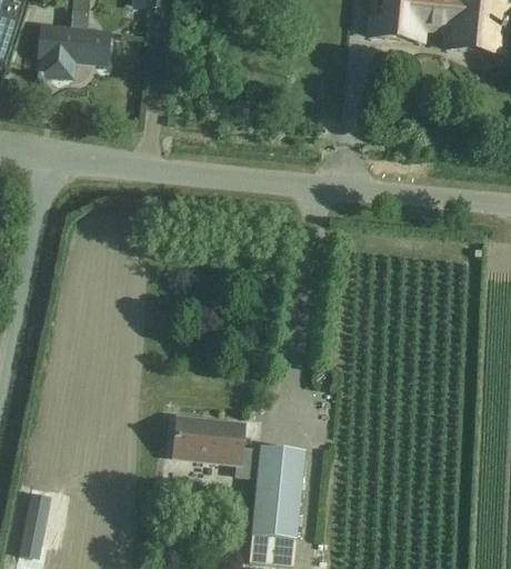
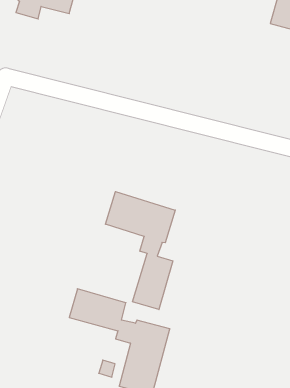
building: none -> [105,192,175,310]

